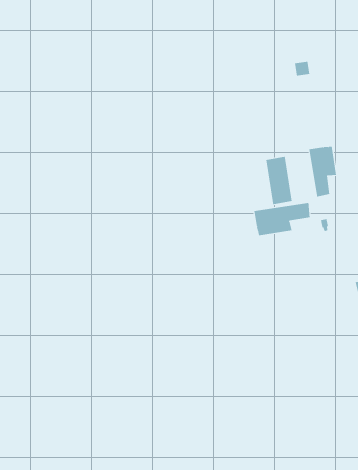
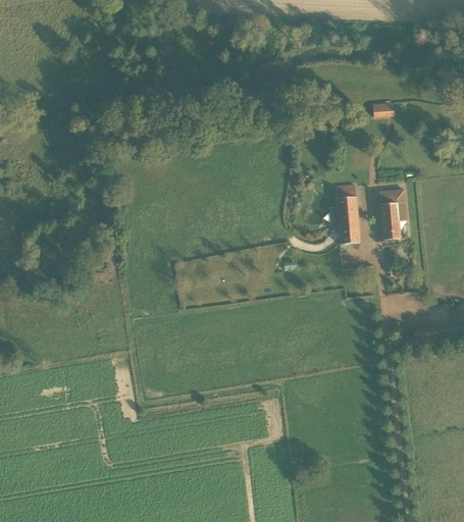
building: [254,202,310,236] -> none

